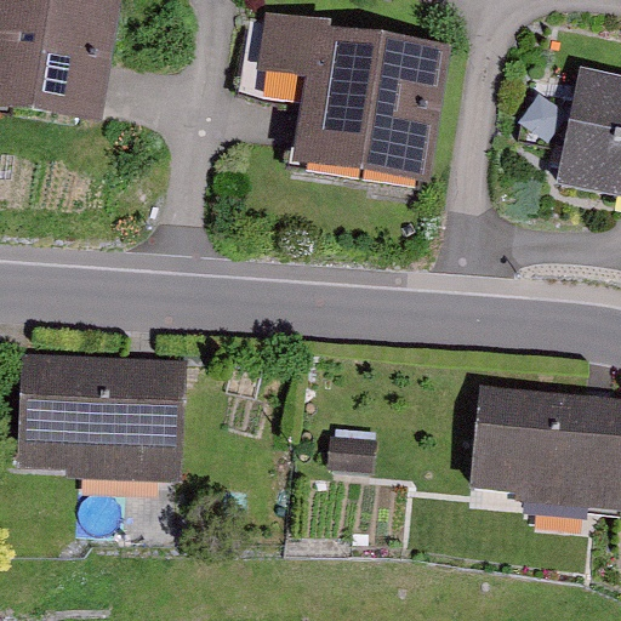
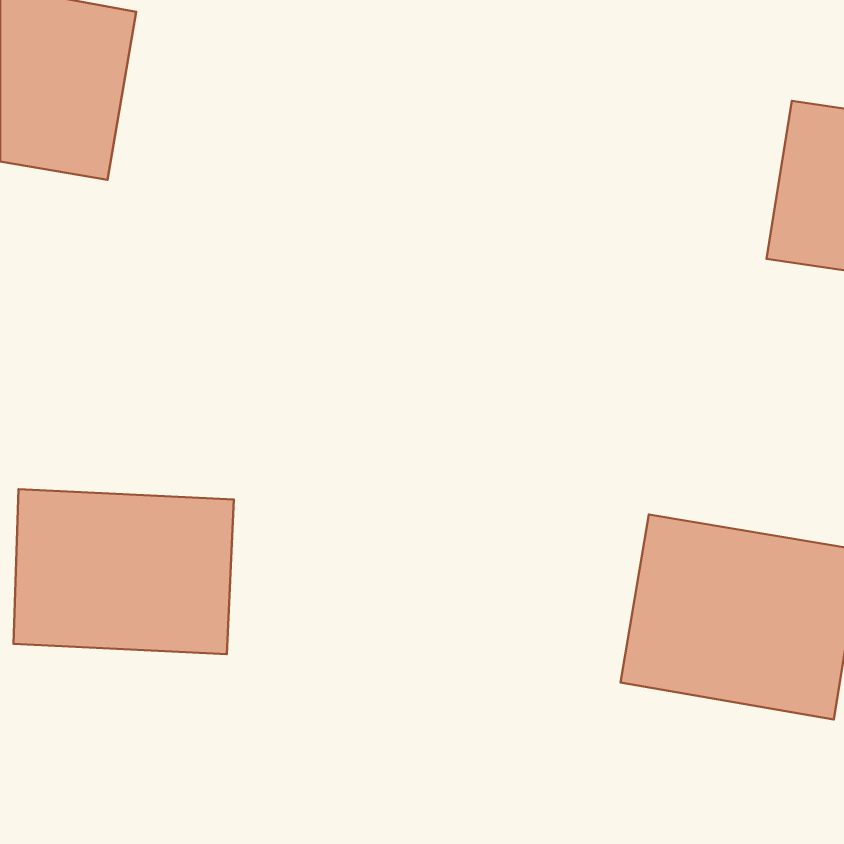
building: [260,18,441,183] -> none

